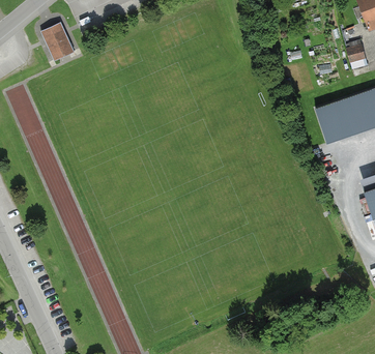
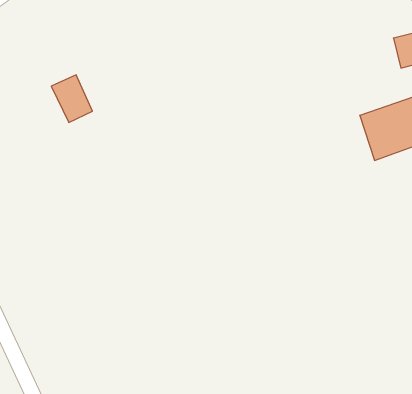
building: [40,22,75,61] -> [51,75,92,122]

